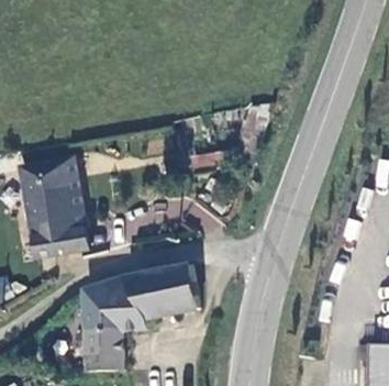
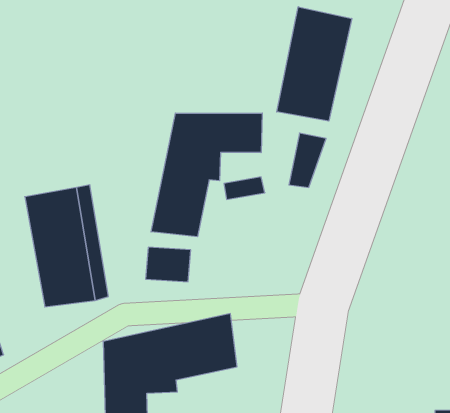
building: none -> [277,7,352,121]
building: none -> [151,113,262,237]

